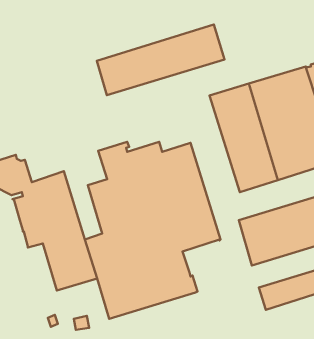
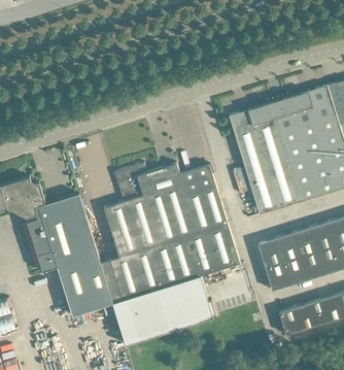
building: [97,25,225,95] -> none

